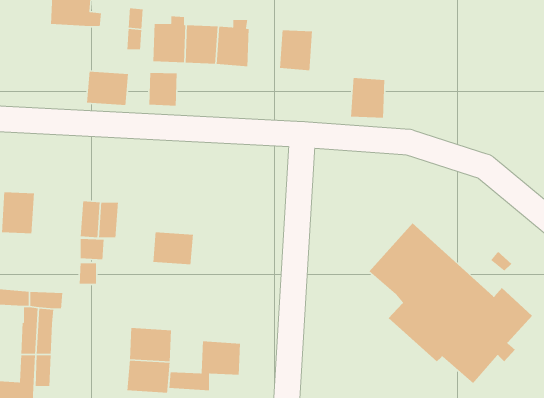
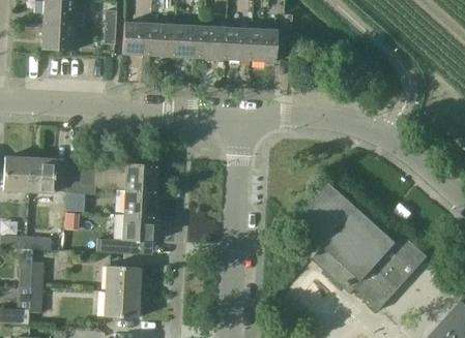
building: none -> [201,27,228,59]
building: [86,71,129,106] -> [40,24,75,52]
building: [148,72,178,107] -> none
building: [350,77,385,118] -> [251,29,279,62]
building: none -> [28,158,55,201]
building: none -> [126,163,158,191]
building: [168,341,241,391] -> [97,214,155,254]

